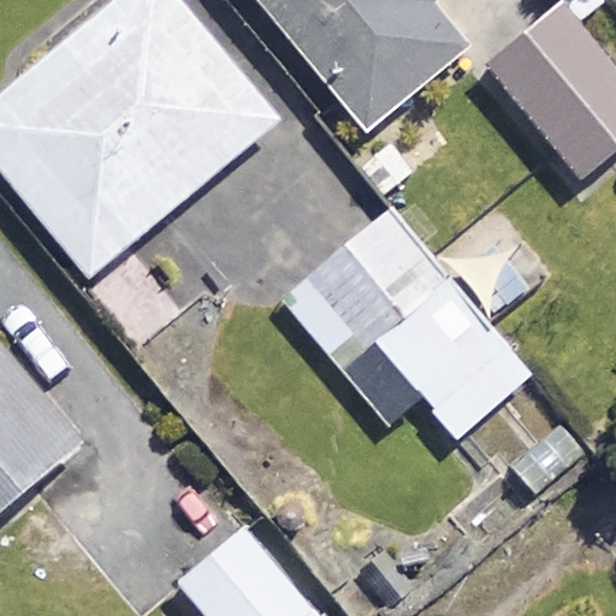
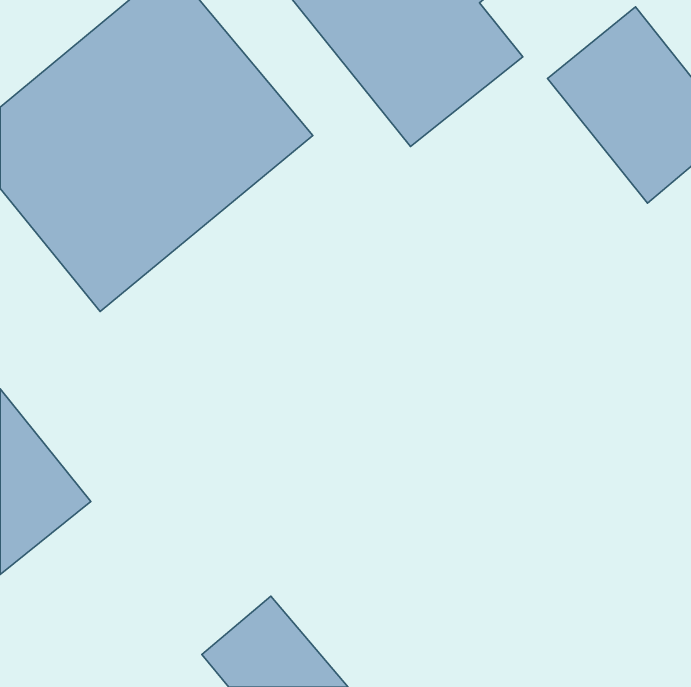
building: [283,208,528,437] -> none

